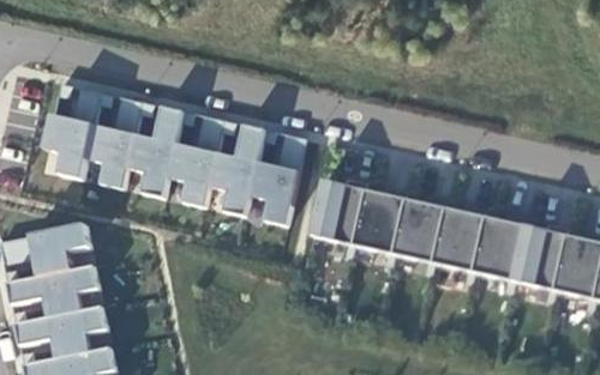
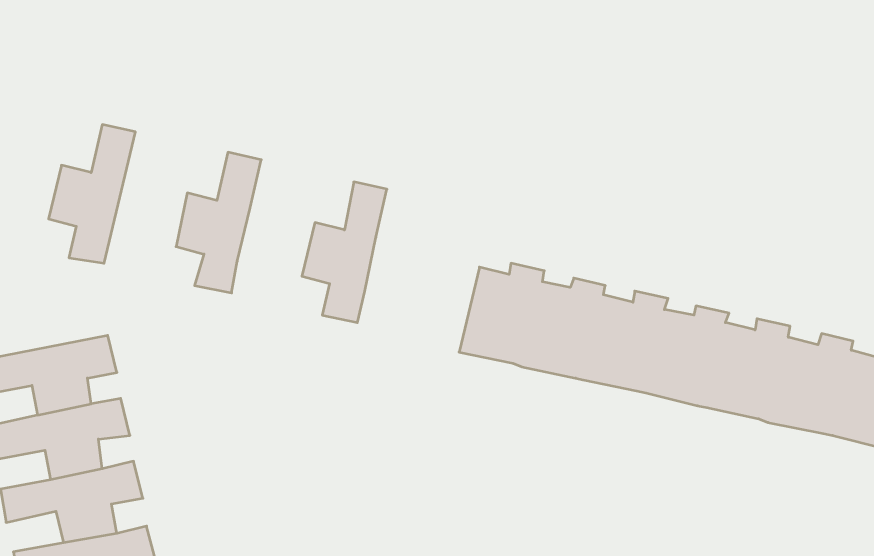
building: [89,96,144,187] -> none
building: [169,115,226,205] -> none
building: [252,134,307,224] -> none

